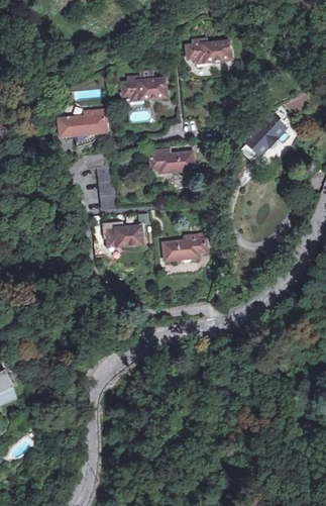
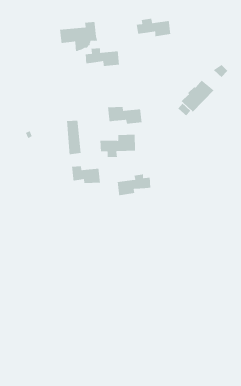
building: [59,108,107,146] -> [59,21,98,52]
building: none -> [99,134,136,158]

